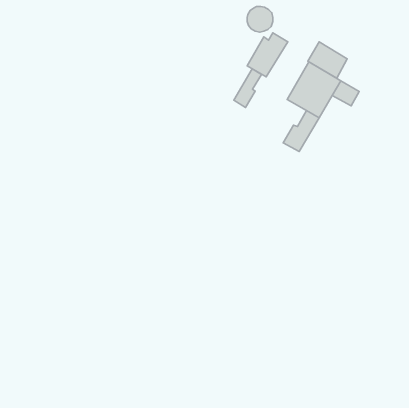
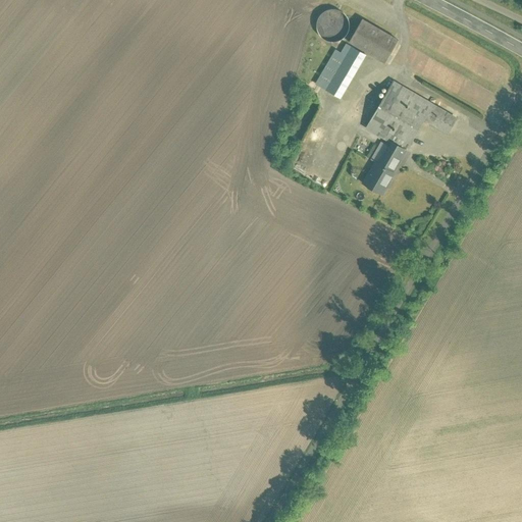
building: [308,42,347,78] -> [347,17,397,63]
building: [234,69,262,108] -> none

